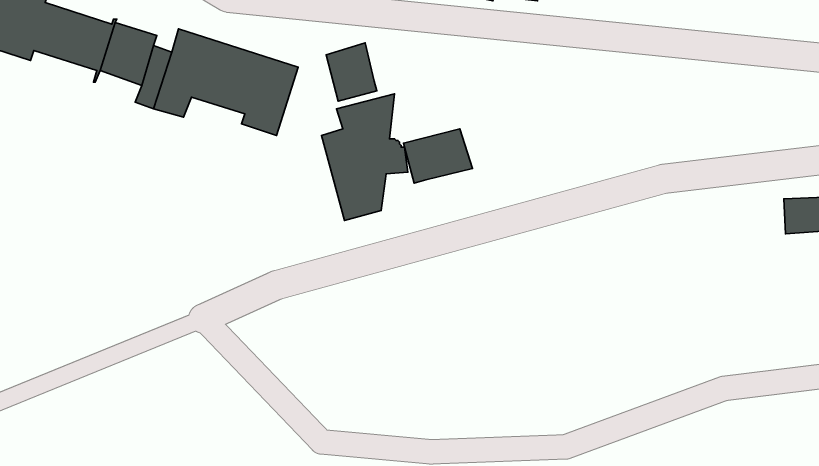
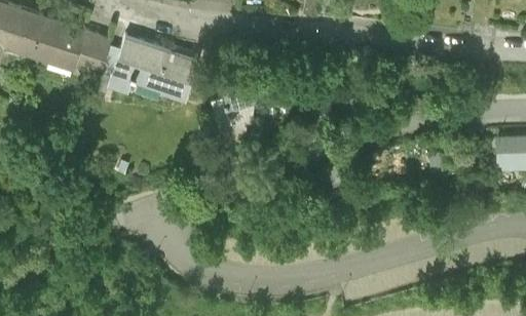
building: [326,43,377,101] -> none
building: [403,129,473,183] -> none

